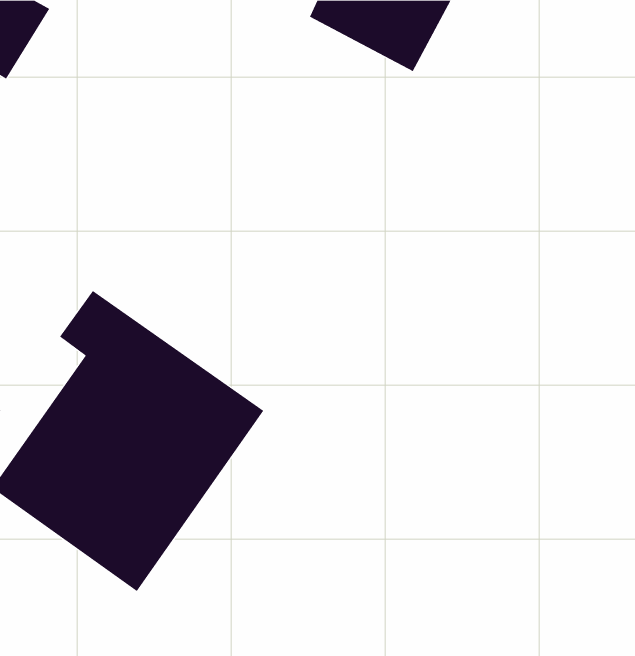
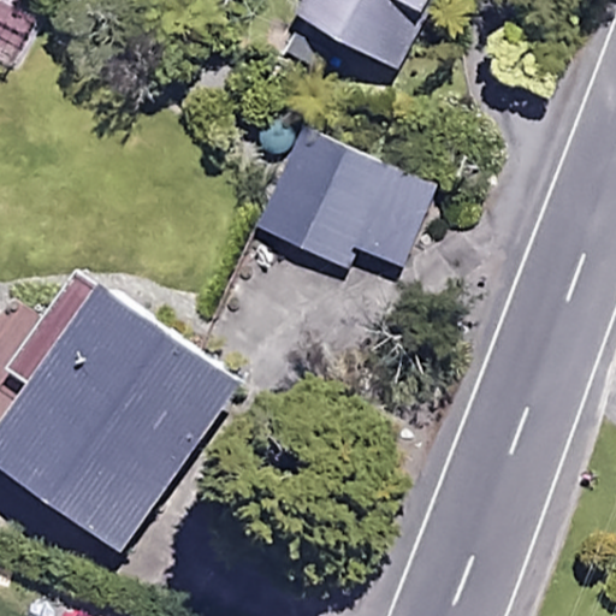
building: none -> [238,122,428,265]

